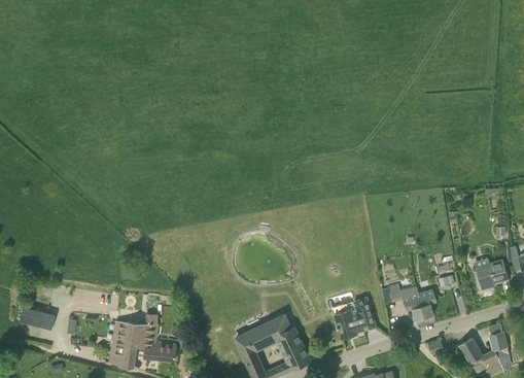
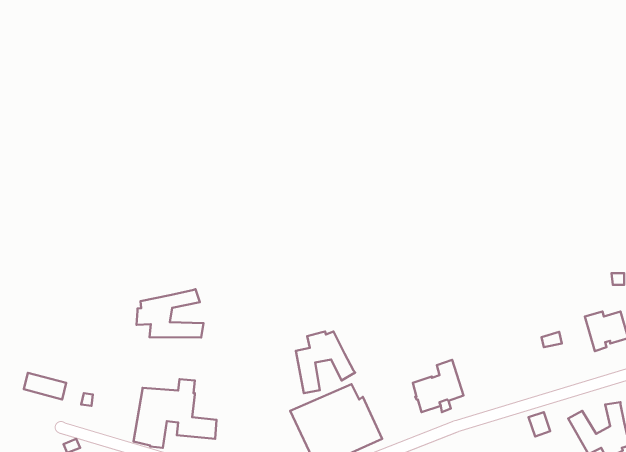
building: none -> [137,289,203,337]
building: none -> [296,331,355,393]
building: [387,283,436,319] -> none

